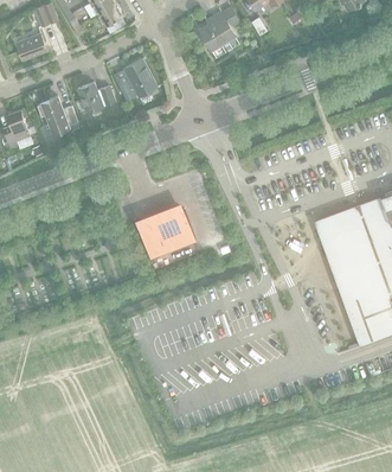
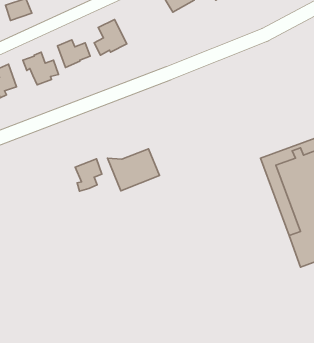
building: none -> [75,159,102,191]

